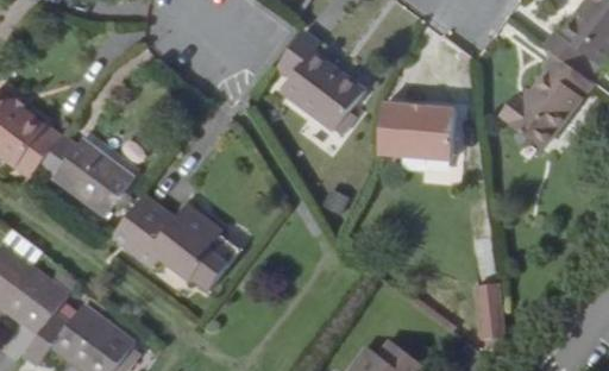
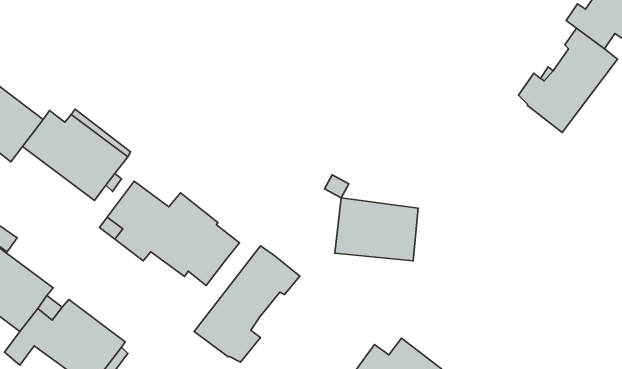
building: [278,36,363,134] -> none
building: [377,106,454,164] -> [335,198,418,261]
building: none -> [194,246,300,362]
building: [476,287,506,342] -> none

